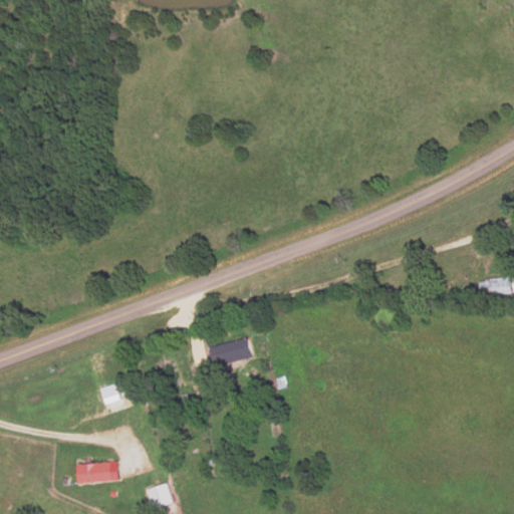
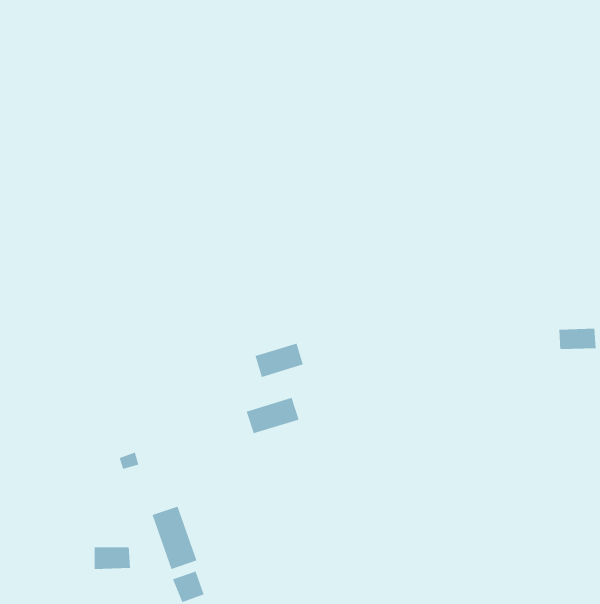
building: none -> [255,343,303,378]
building: none -> [152,506,197,570]

